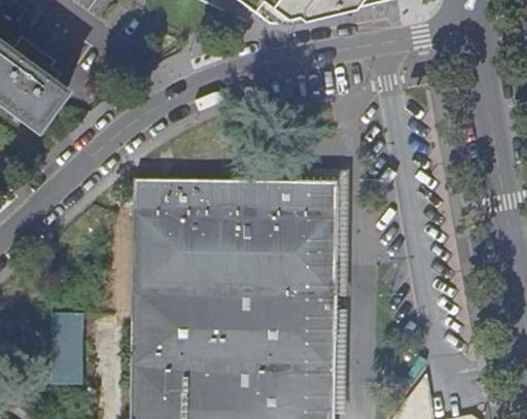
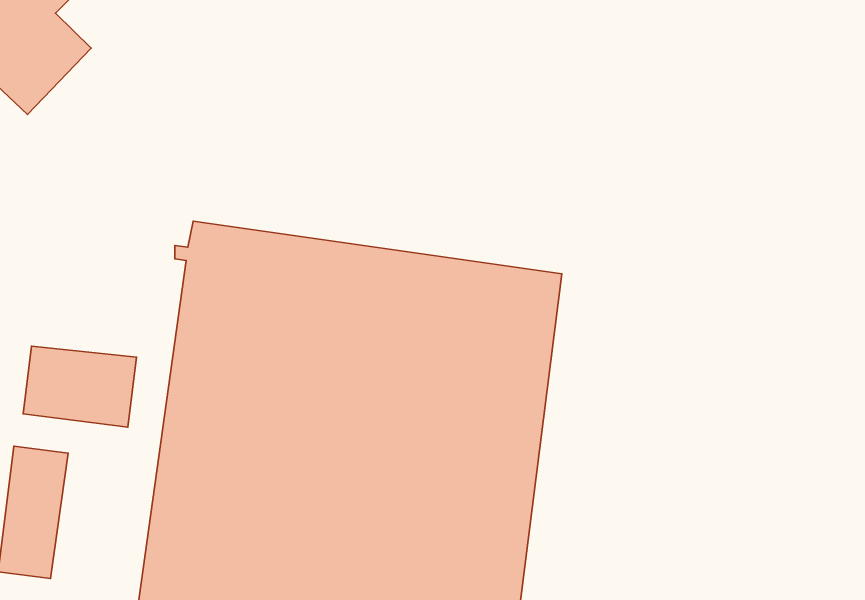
building: none -> [23,346,137,427]

